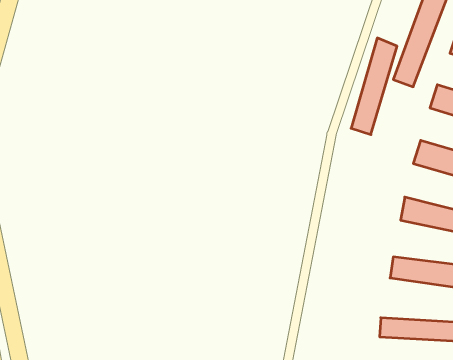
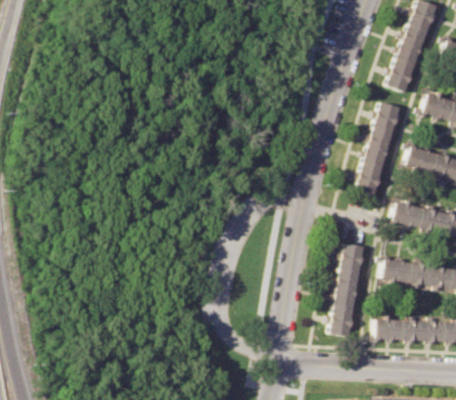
building: [351,38,397,135] -> [356,102,401,196]
building: none -> [328,242,366,338]

